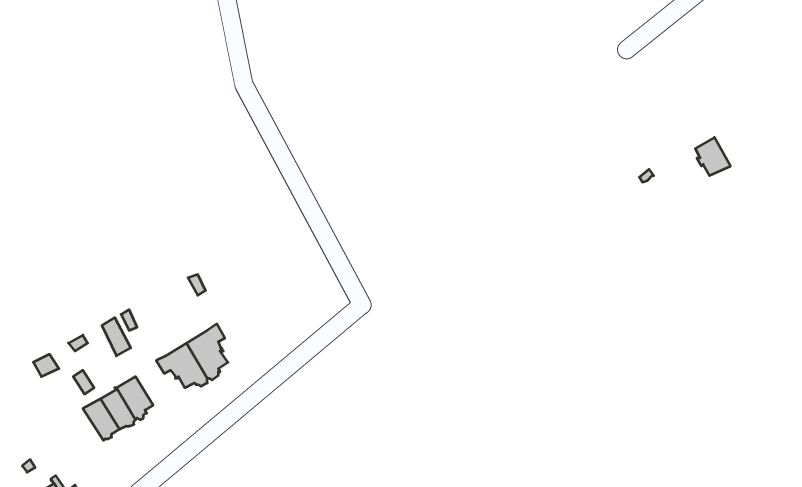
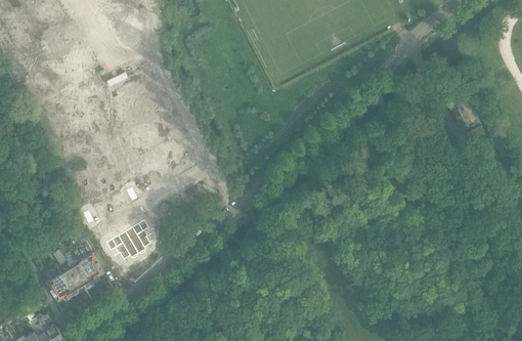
building: none -> [44,272,71,300]

